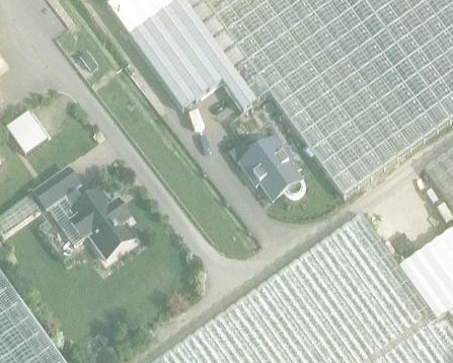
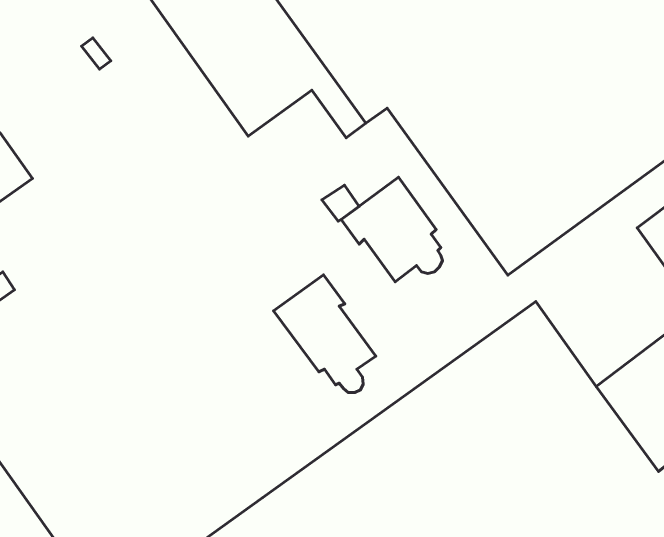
building: [35,168,136,259] -> none
building: none -> [274,275,376,393]

